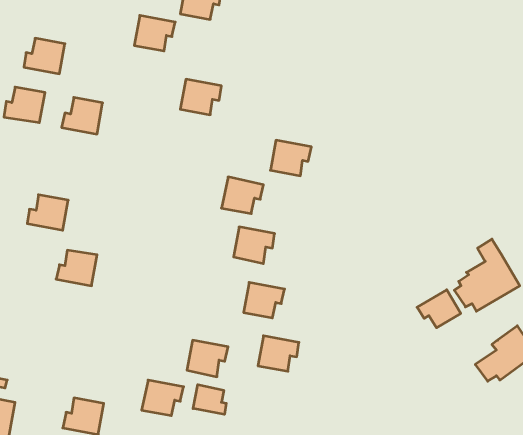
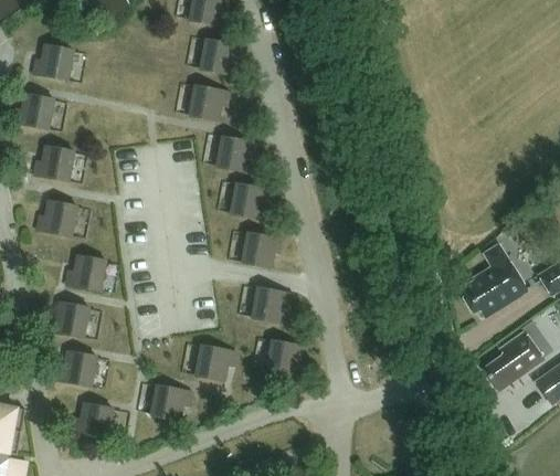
building: [134,15,175,51] -> [200,39,241,74]
building: [62,97,103,134] -> [33,145,74,181]
building: [270,140,311,176] -> [216,136,257,171]
building: [417,290,461,328] -> none
building: none -> [49,302,89,337]
building: none -> [55,350,97,387]
building: [193,385,226,414] -> none

